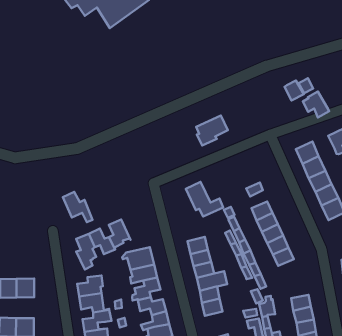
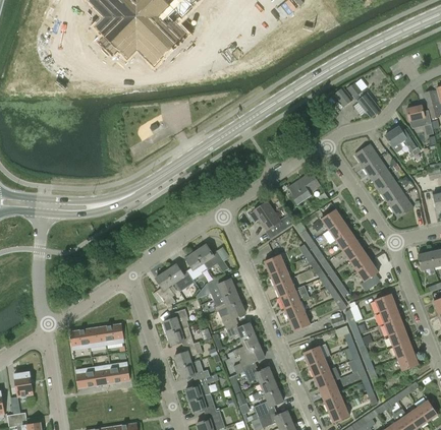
building: [196,116,228,146] -> [288,172,320,204]
building: [63,192,92,222] -> [196,244,228,271]
building: none -> [356,261,380,291]

